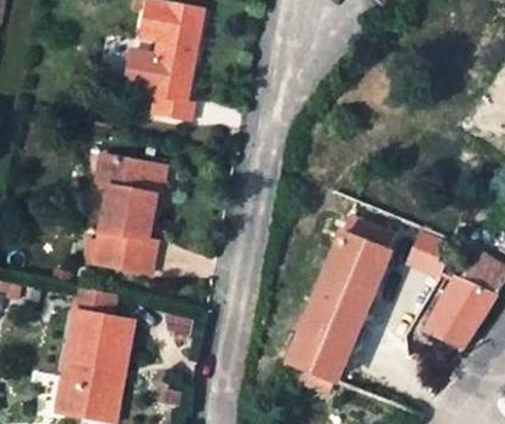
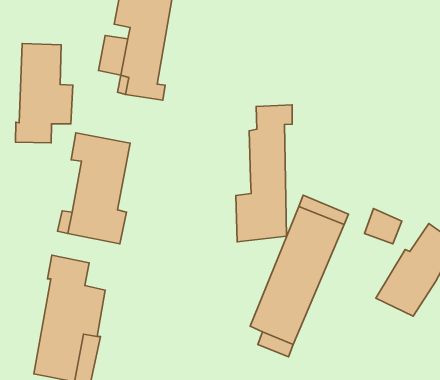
building: none -> [15,44,73,143]
building: none -> [236,105,292,242]

